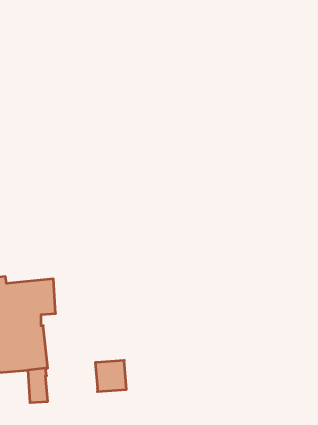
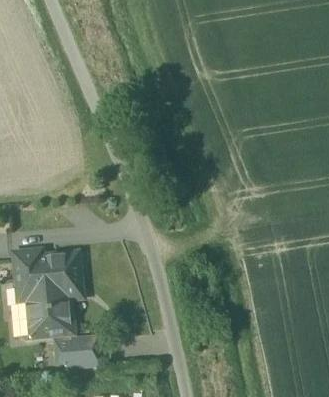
building: [95,360,126,392] -> [72,336,100,364]

